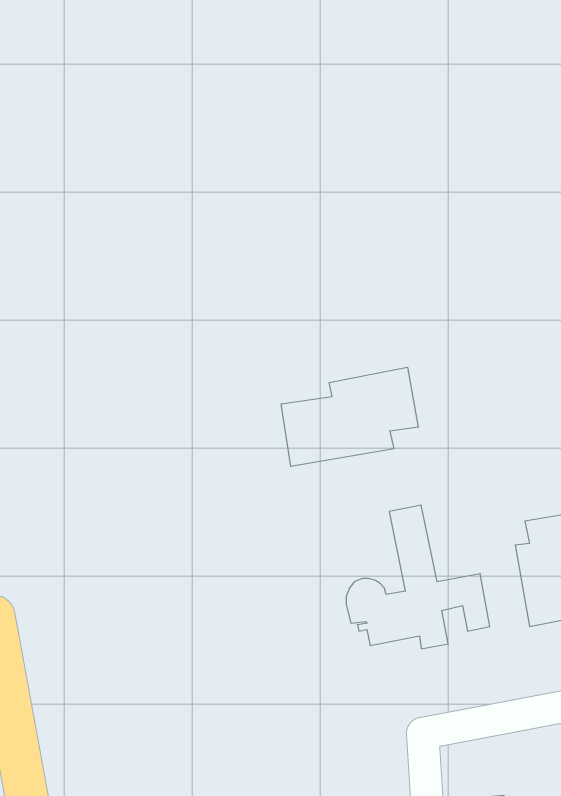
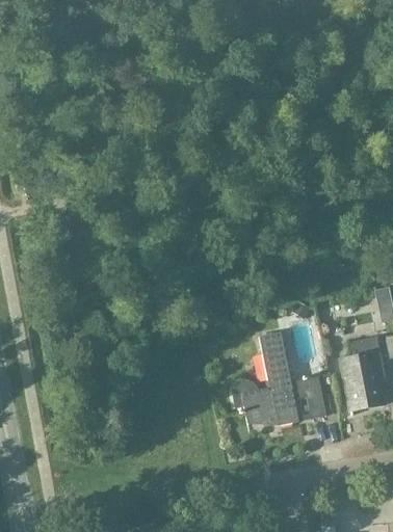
building: [281,367,418,466] -> none

